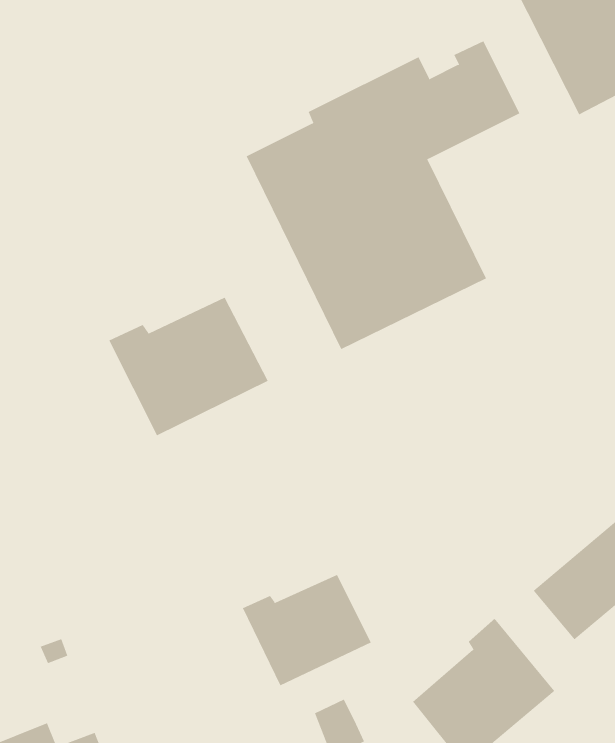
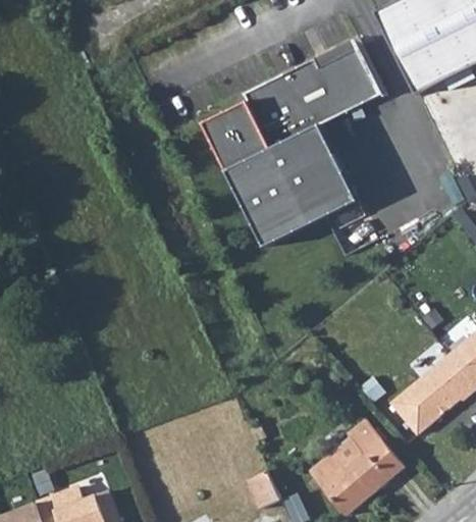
building: [109,297,268,436] -> none
building: [242,574,372,686] -> none

